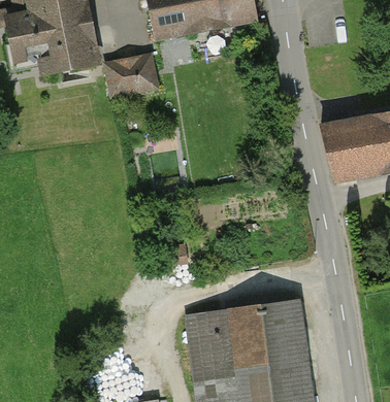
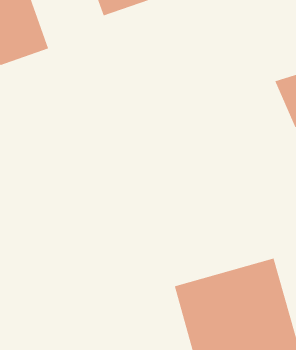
building: [106,54,157,94] -> none

